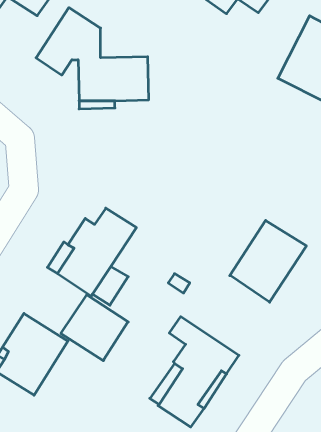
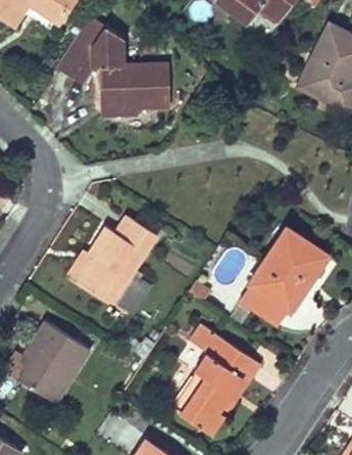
building: none -> [240,283,289,326]
building: [61,295,128,361] -> none

